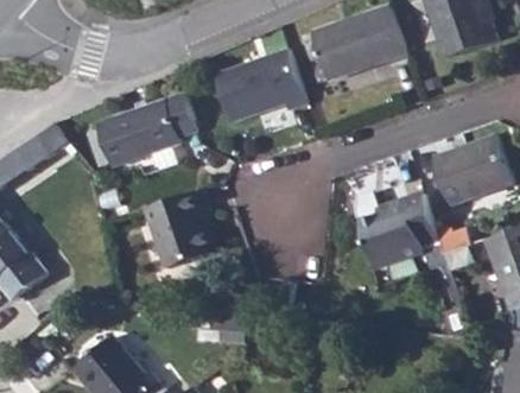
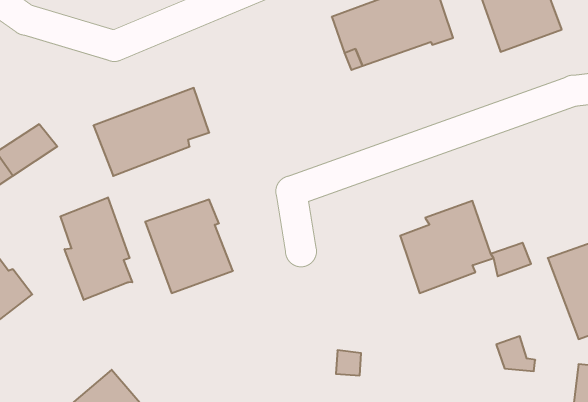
building: [215,50,306,125] -> none
building: [433,135,511,204] -> none
building: none -> [60,197,132,300]

